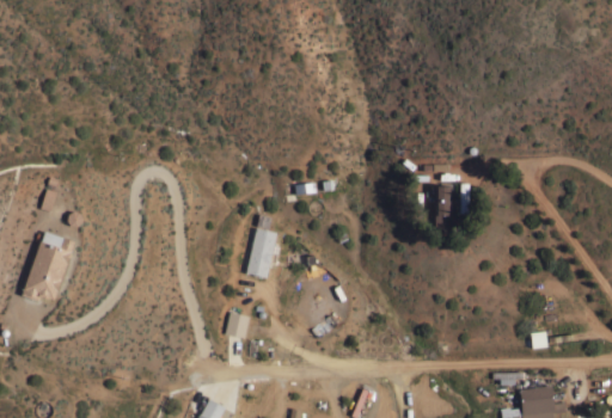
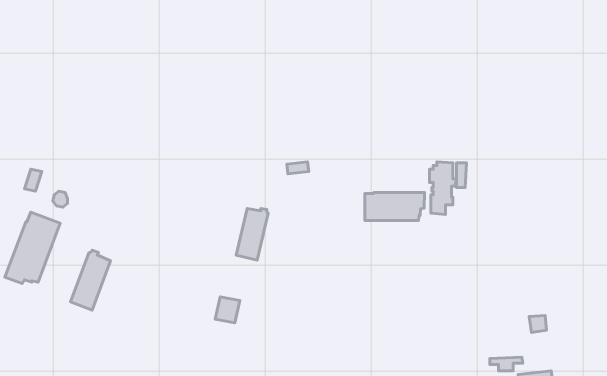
building: none -> [365,192,424,221]
building: none -> [70,250,111,310]

